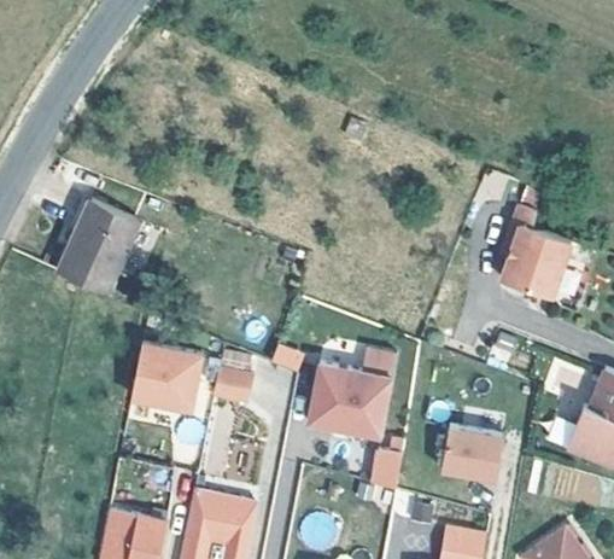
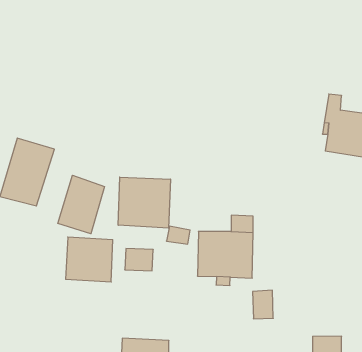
building: none -> [58,175,105,234]
building: none -> [118,177,170,228]
building: [440,423,504,478] -> none

